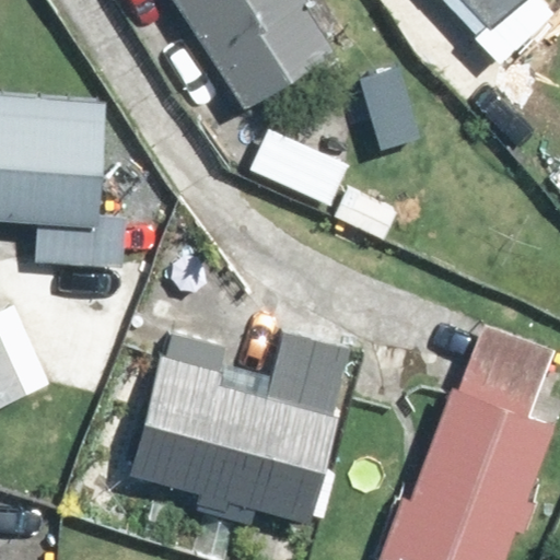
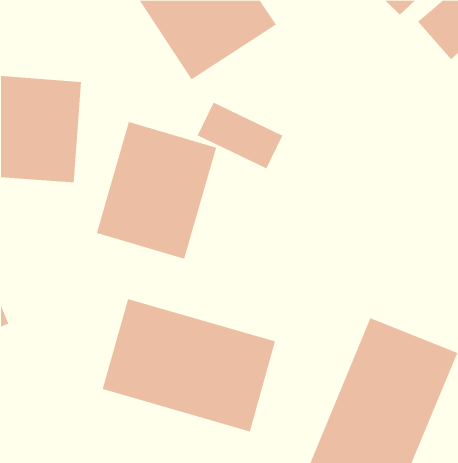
building: none -> [96,121,217,260]

